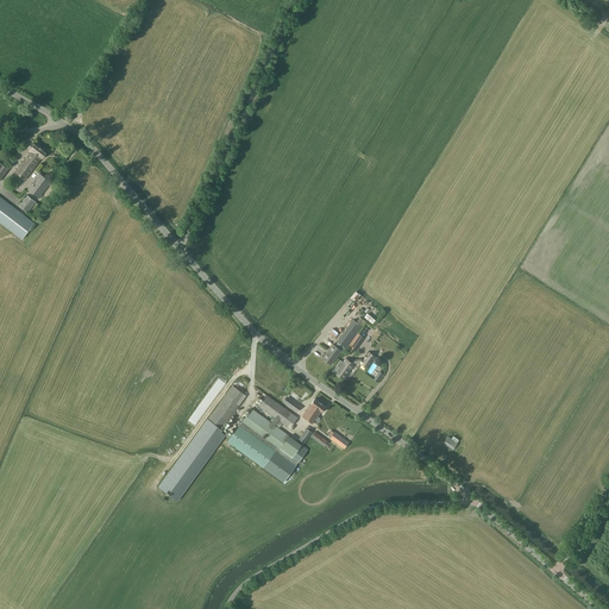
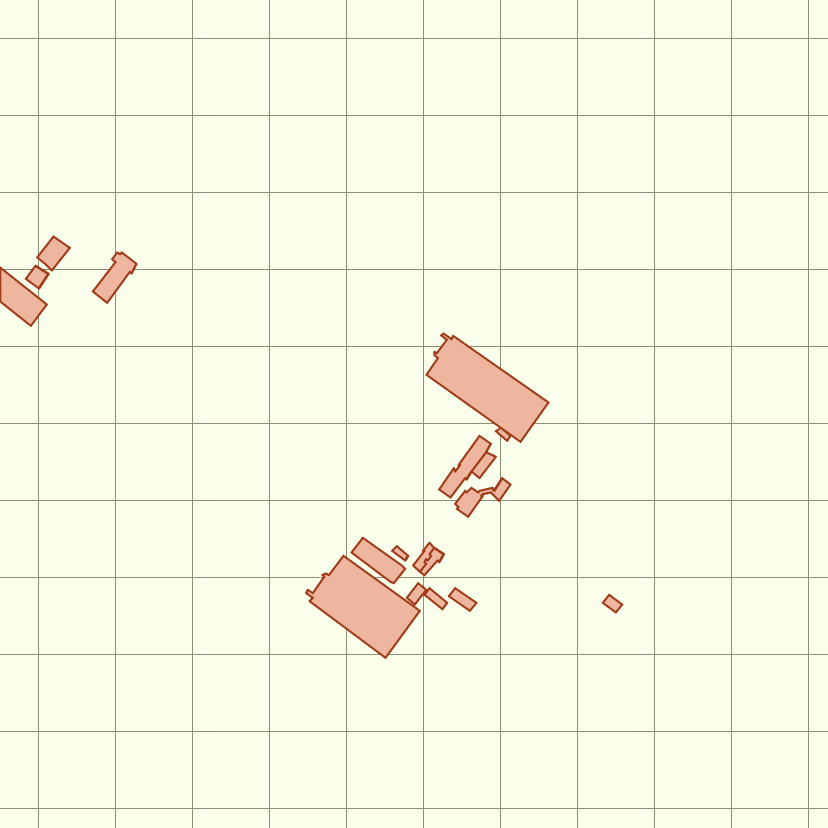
building: [14,143,46,180] -> [93,253,136,303]
building: none -> [427,334,548,442]
building: [159,385,246,500] -> none

